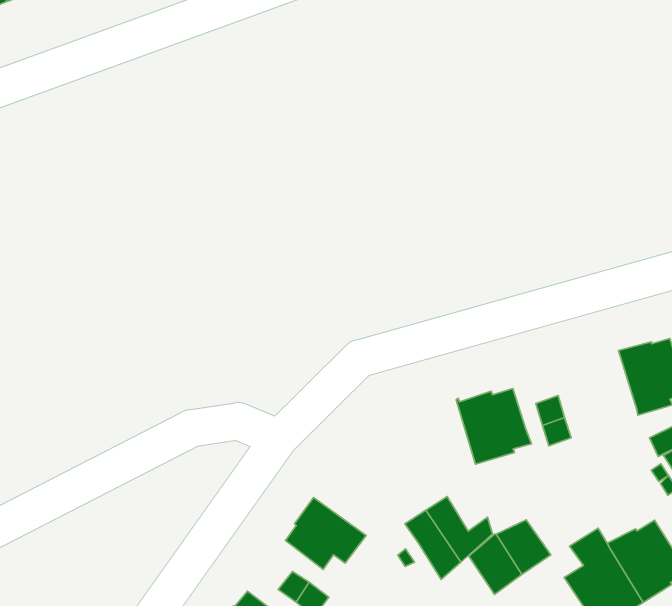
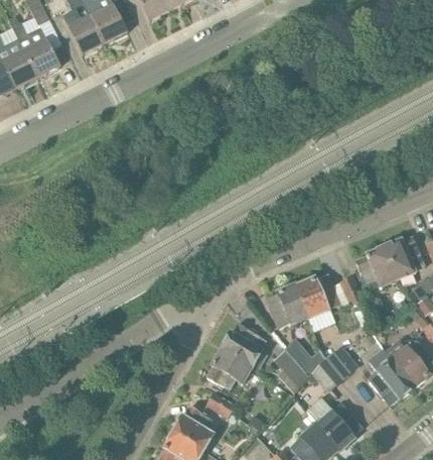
building: none -> [355,246,398,290]
building: none -> [266,284,309,326]
building: none -> [220,323,262,367]

